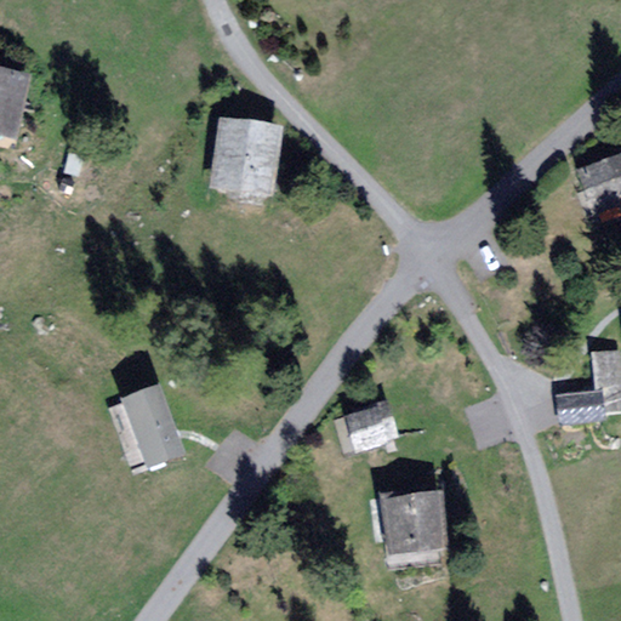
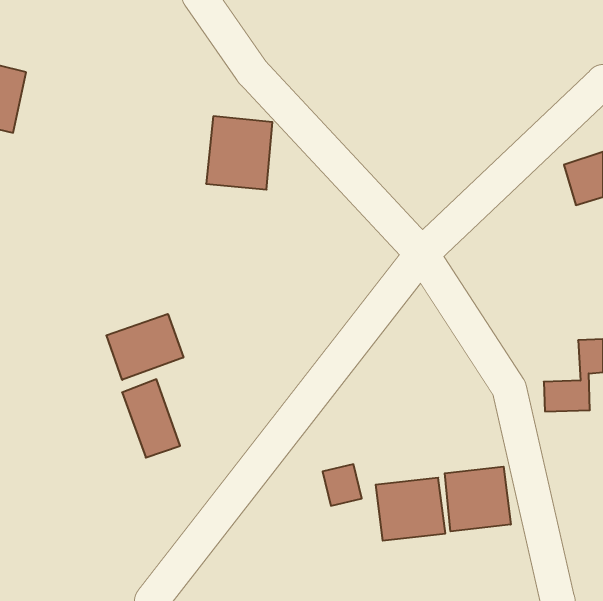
building: none -> [106,314,183,380]
building: [348,408,388,450] -> [323,464,362,506]
building: none -> [445,467,511,531]

